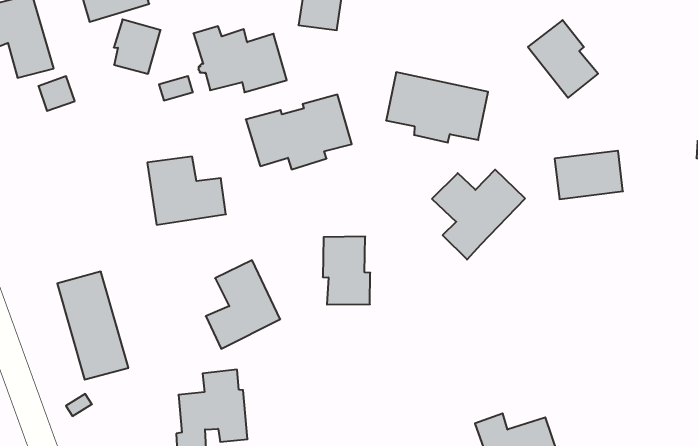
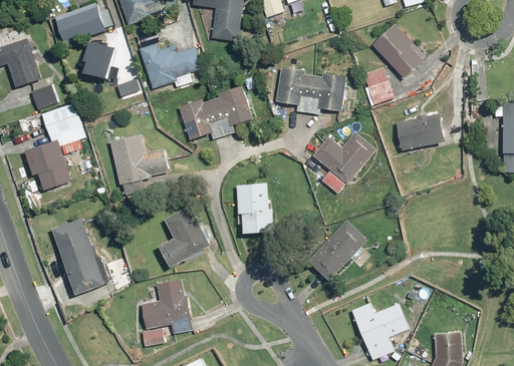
building: none -> [363,67,393,104]
building: none -> [16,102,85,190]
building: none -> [308,219,367,281]

